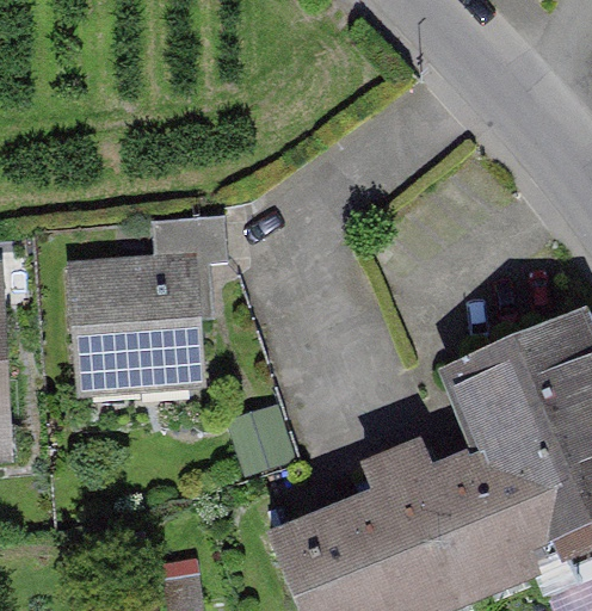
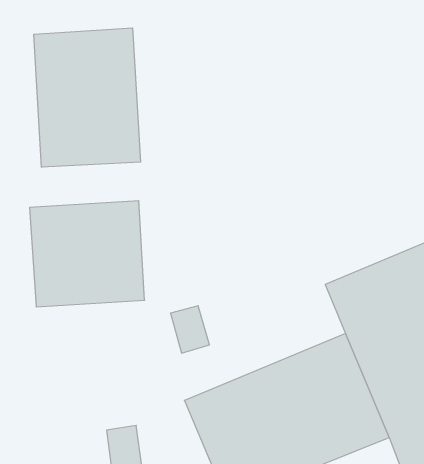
building: none -> [34,28,140,167]

